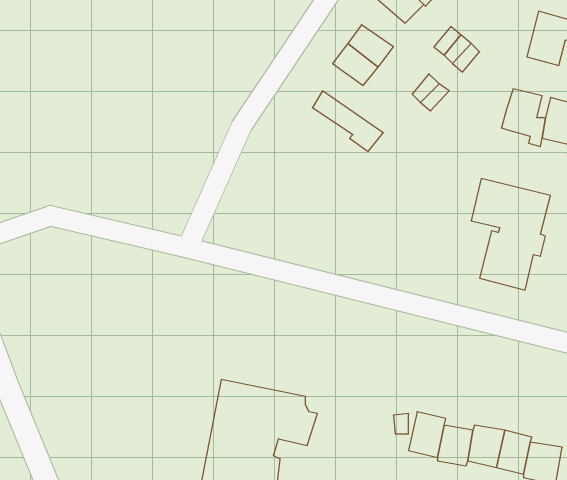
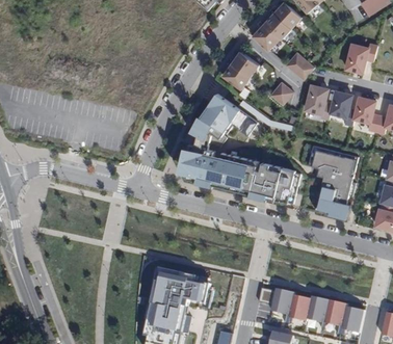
building: none -> [302,82,330,120]
building: none -> [192,101,235,144]
building: none -> [179,140,298,200]

